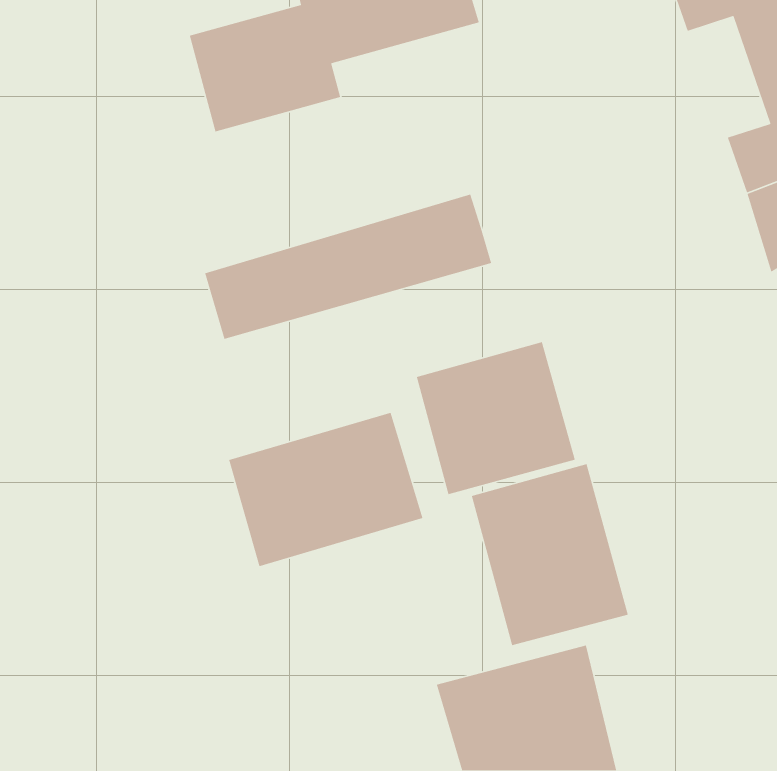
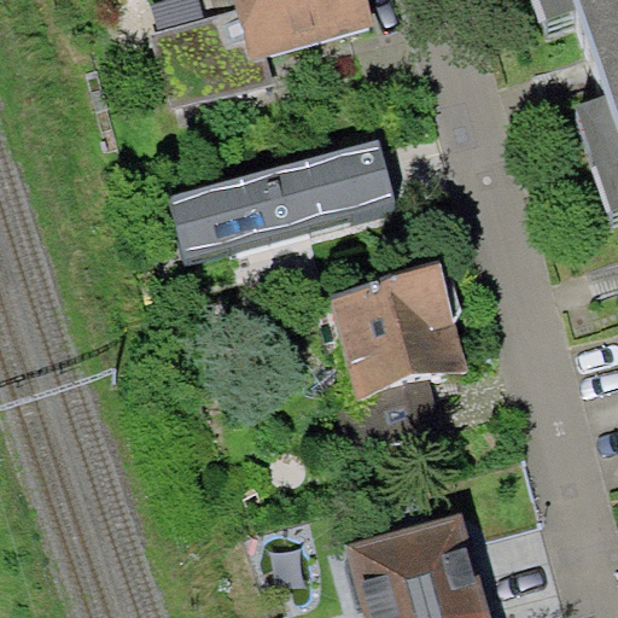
building: [228,412,423,567] -> none
building: [471,463,629,646] -> none

